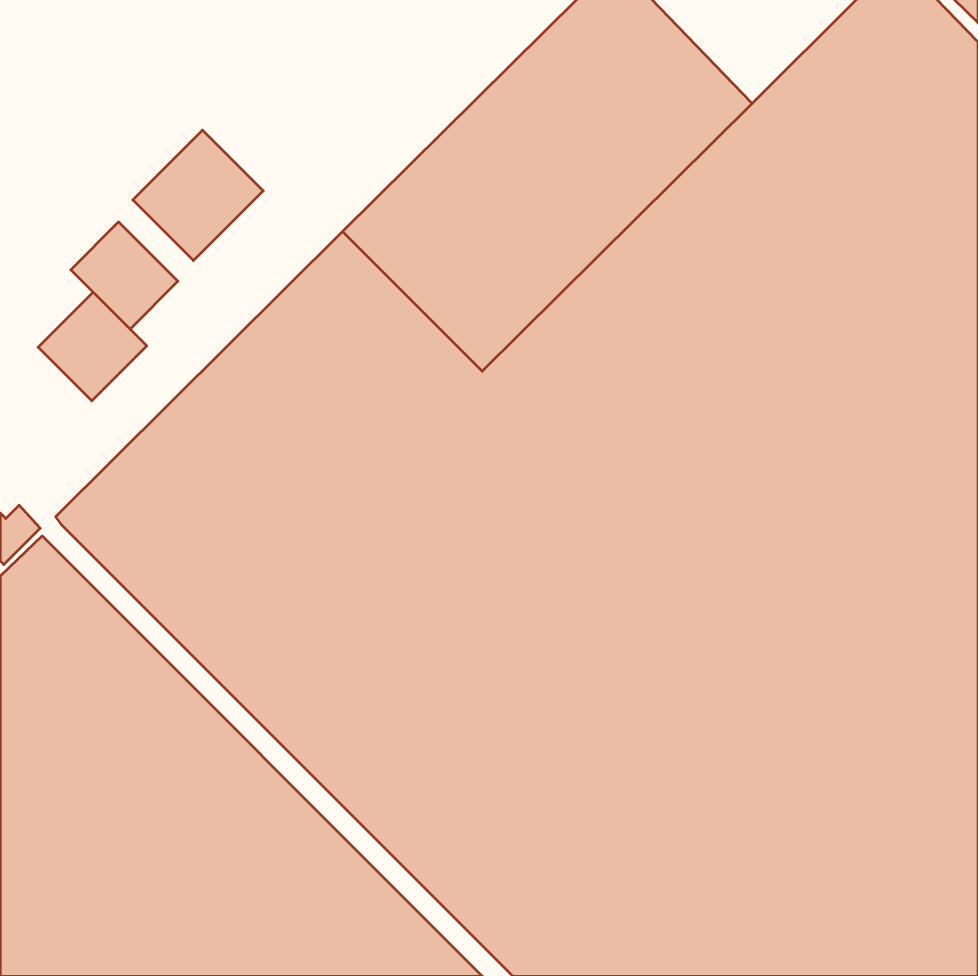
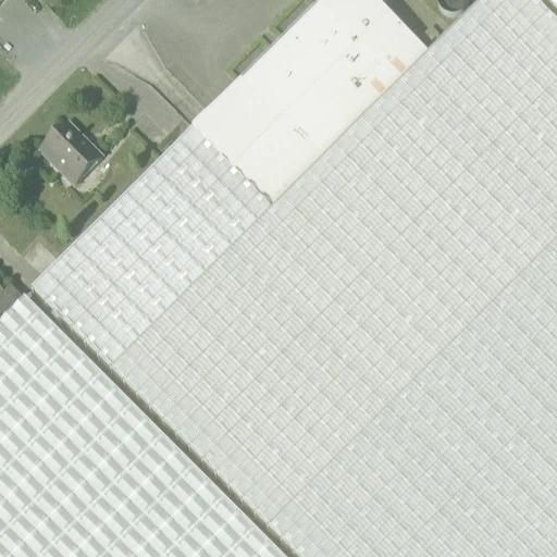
building: [133,130,263,261] -> none
building: [38,292,147,401] -> none

